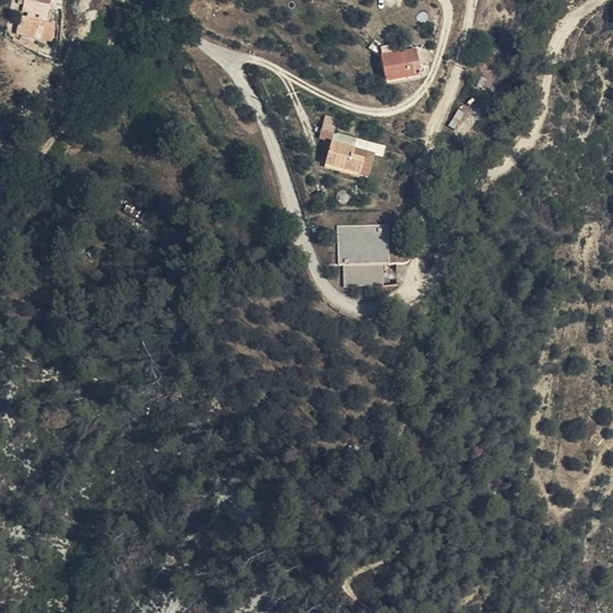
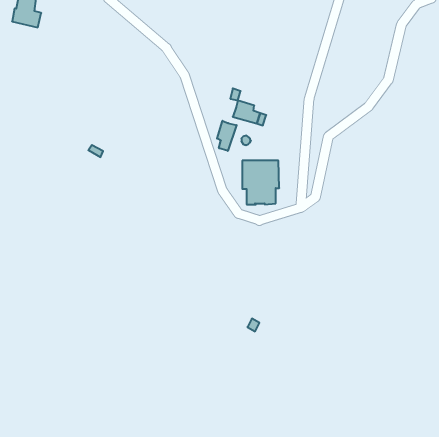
building: [382,48,426,79] -> none
building: none -> [217,121,237,151]

